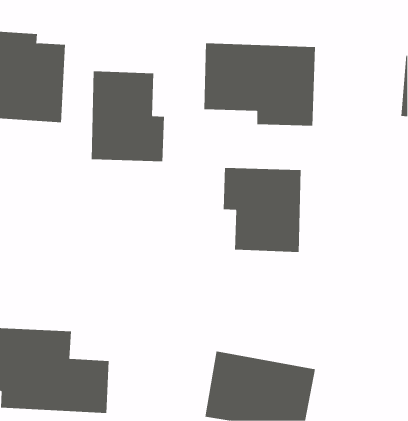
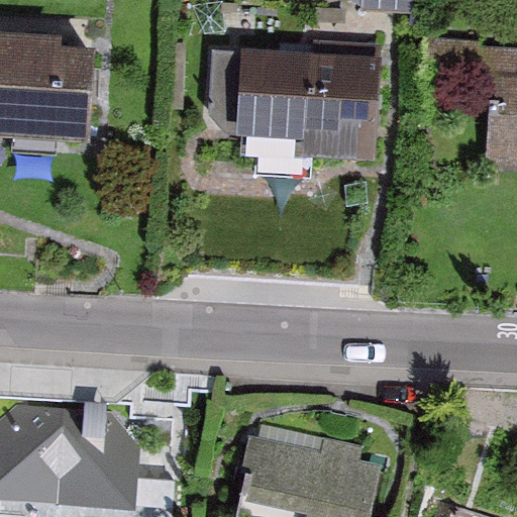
building: [91,70,164,162] -> none
building: [223,167,301,253] -> none

